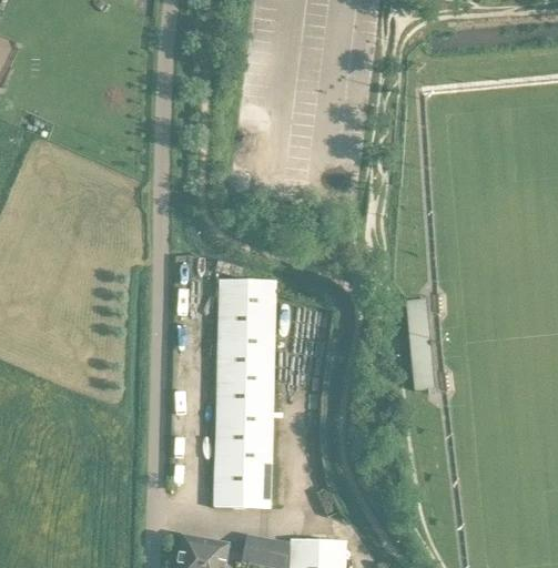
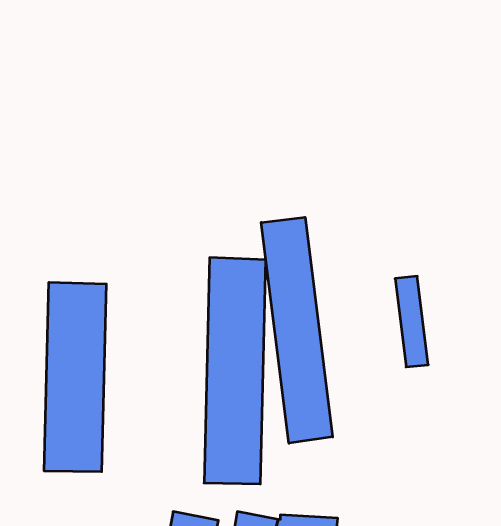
building: none -> [261,217,333,443]
building: none -> [44,282,106,472]

